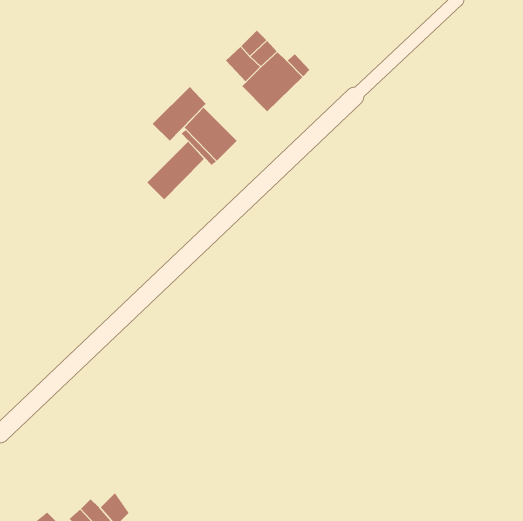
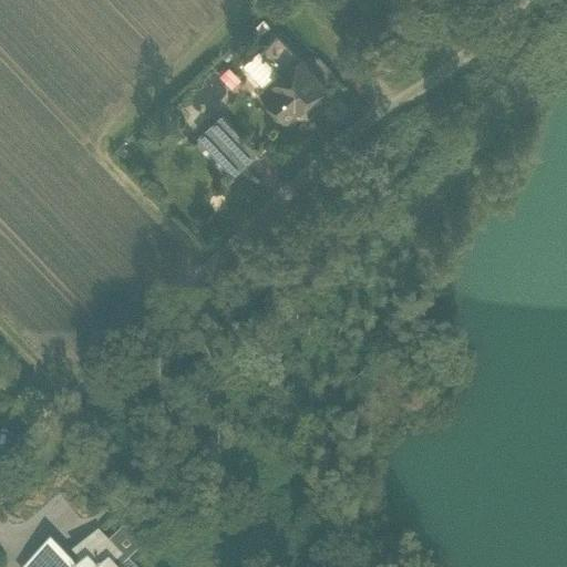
building: [152,86,206,141] -> none
building: [147,141,205,200] -> none

